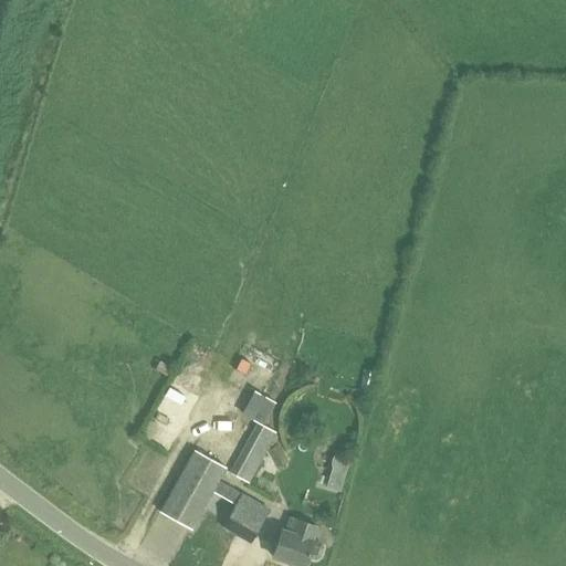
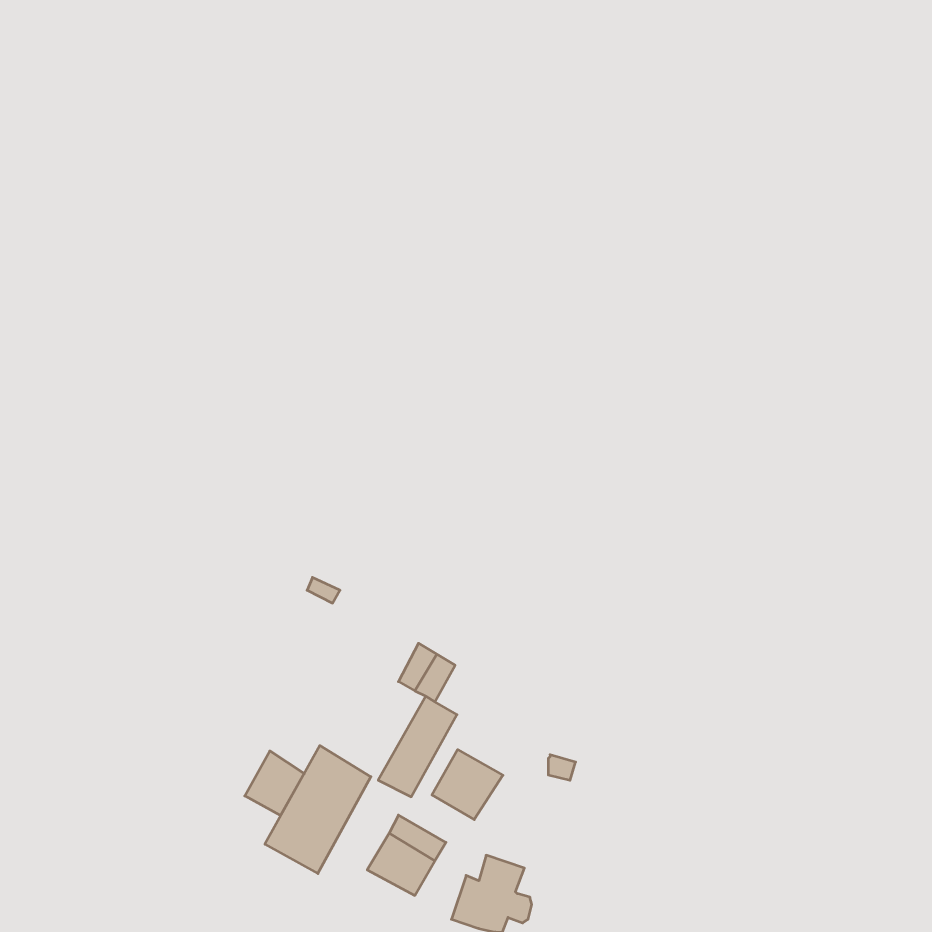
building: none -> [432,750,503,820]
building: none -> [245,751,304,816]

